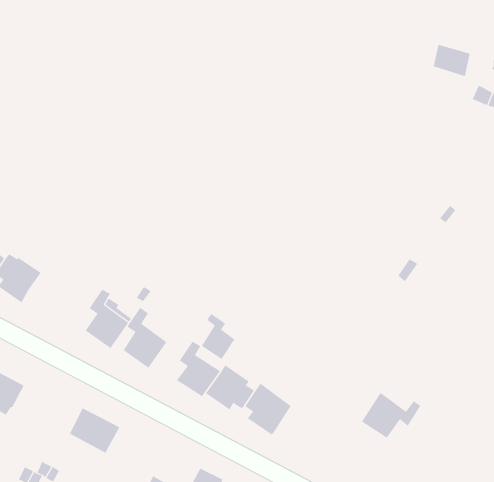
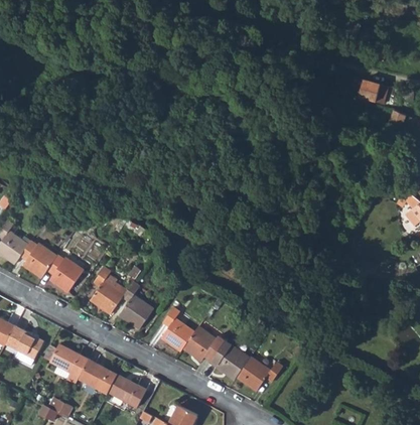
building: none -> [46,254,84,292]
building: [201,313,235,360] -> none
building: none -> [49,344,88,384]
building: [361,393,421,438] -> [236,356,282,391]
building: none -> [107,374,145,407]

